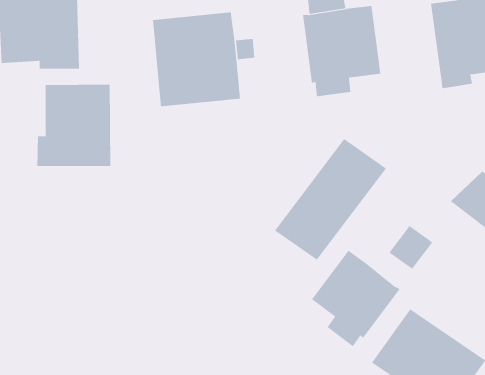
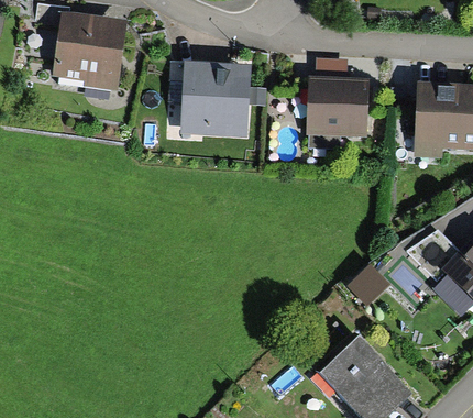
building: [37,84,111,167] -> none
building: [274,138,387,261] -> none
building: [311,250,401,347] -> none

